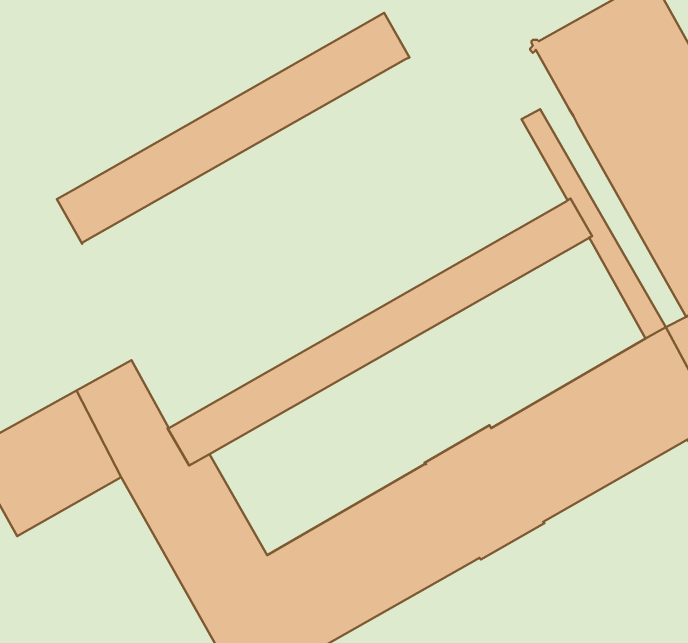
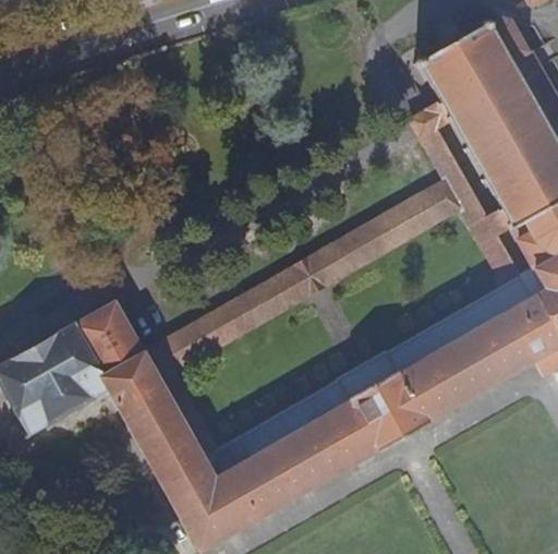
building: [57,13,409,244] -> none

